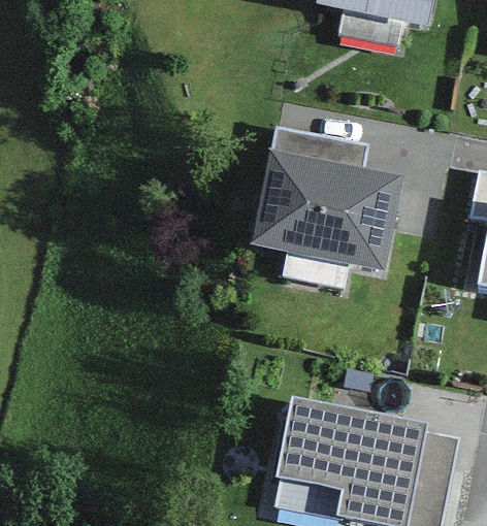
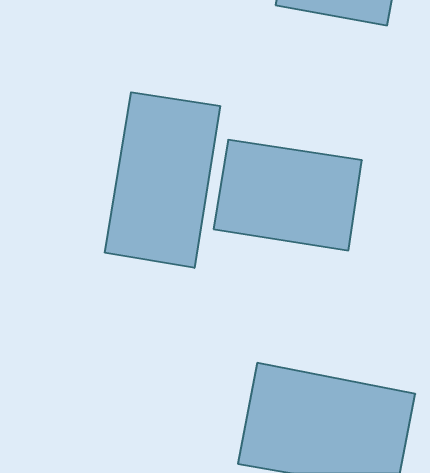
building: none -> [105,92,220,268]

